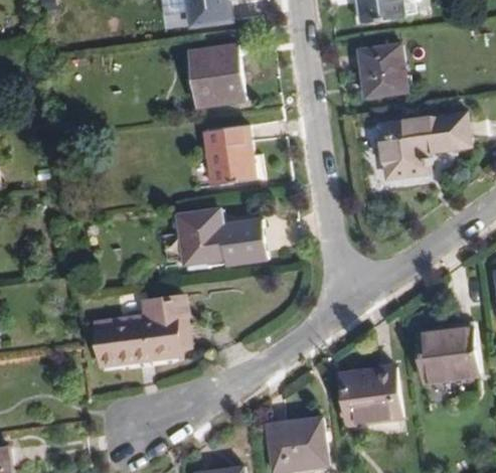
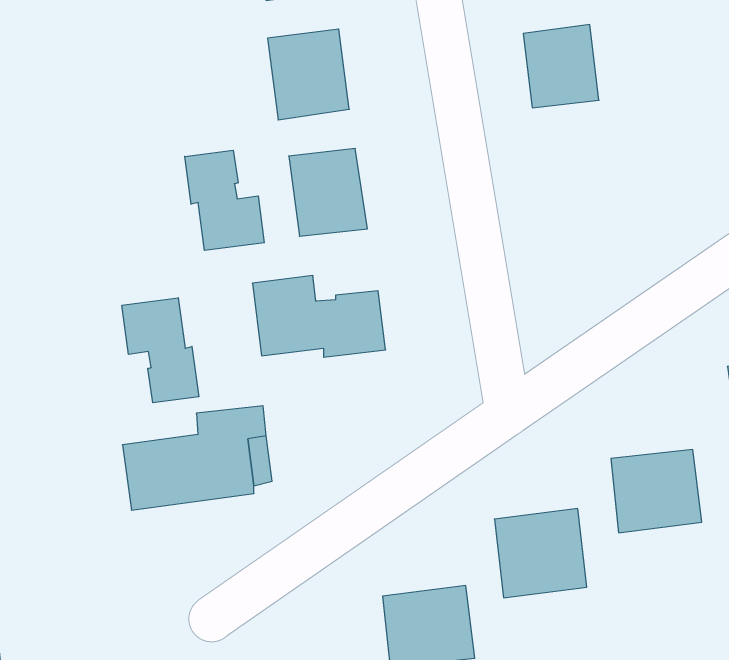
building: [376,111,473,180] -> none
building: none -> [185,150,264,250]
building: none -> [122,298,199,403]

